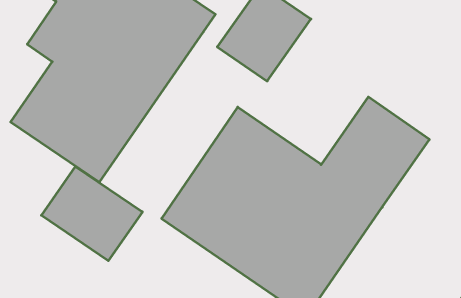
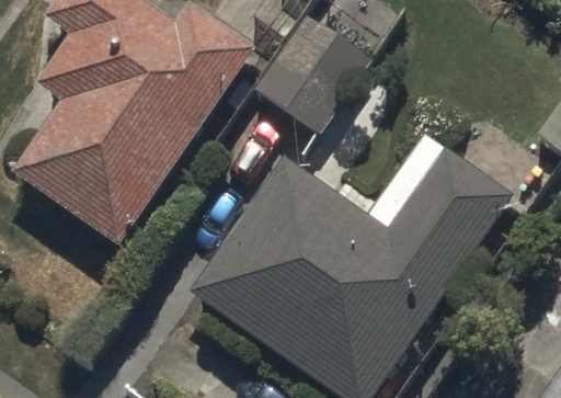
building: [41,166,142,261] -> none

